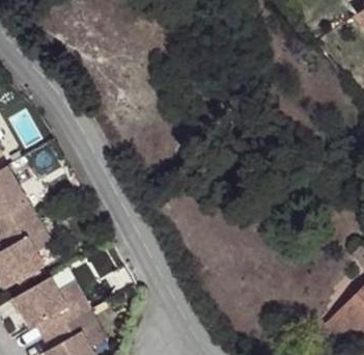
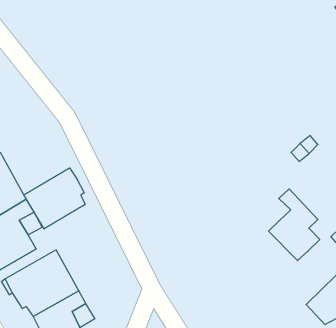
building: none -> [24,168,85,229]
building: none -> [269,189,320,261]

